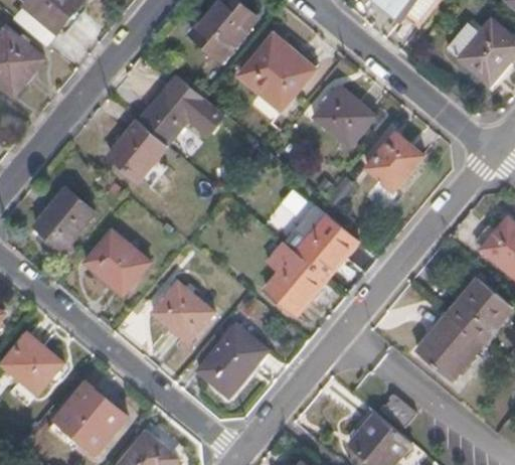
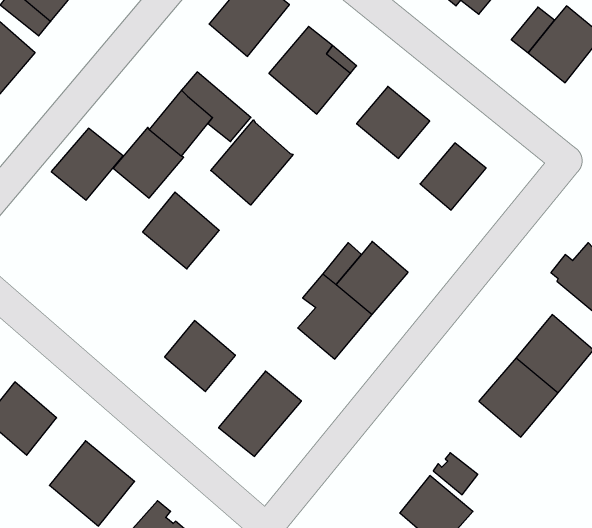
building: none -> [211,120,293,205]
building: [33,190,94,251] -> [51,128,123,200]
building: [85,230,150,295] -> [143,192,219,269]

